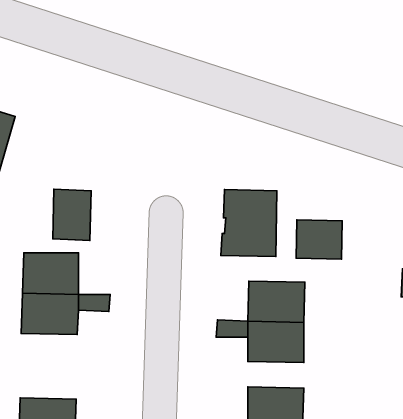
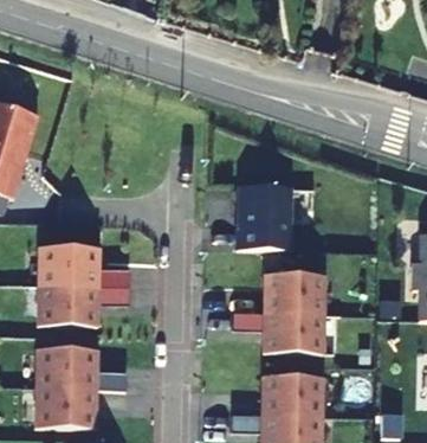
building: [53,189,91,240] -> none
building: [296,220,342,259] -> none
building: none -> [41,348,97,389]

